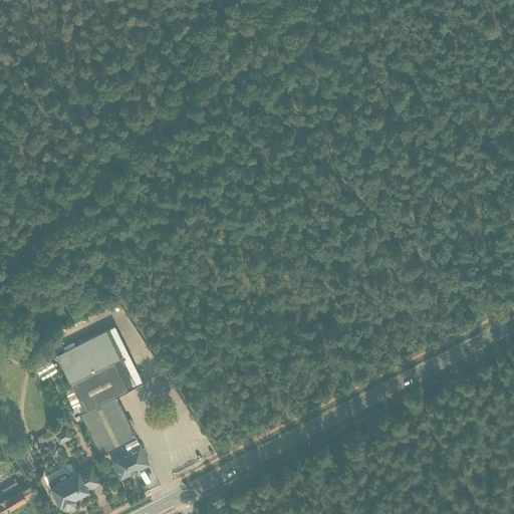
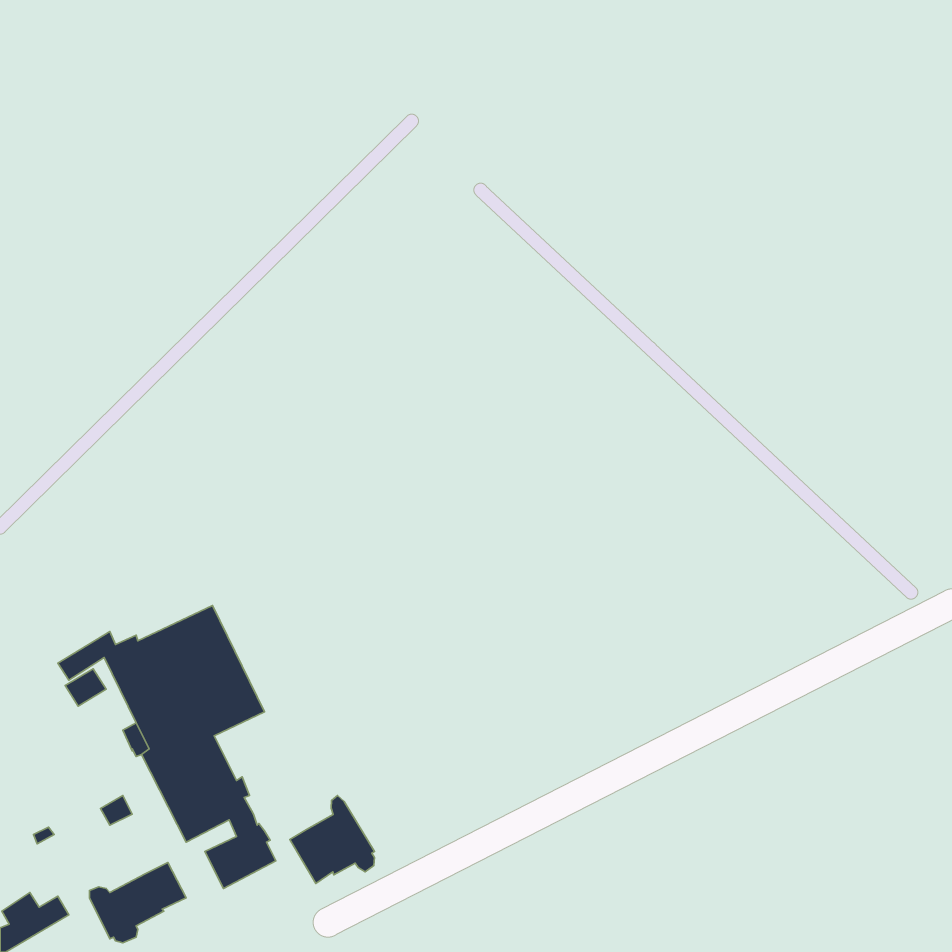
building: none -> [290,796,375,883]

